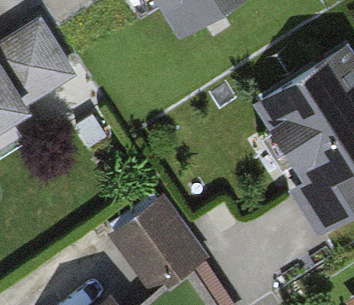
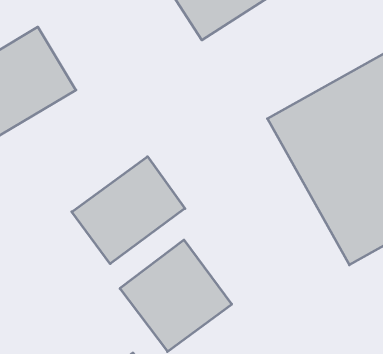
building: none -> [72,157,185,264]

